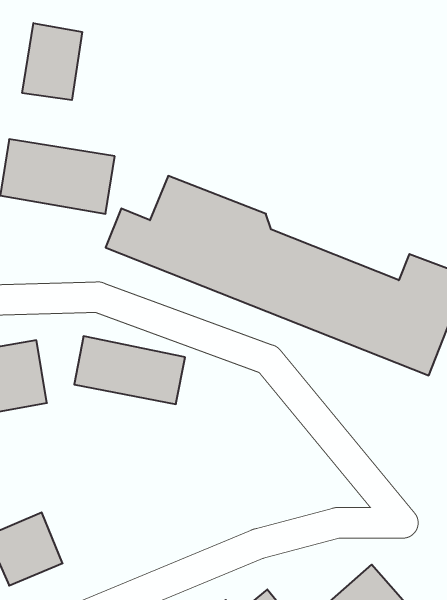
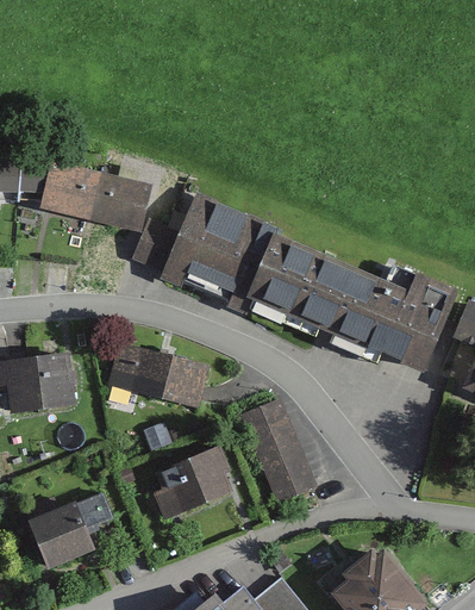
building: [22,23,82,100] -> none
building: none -> [244,398,314,502]
building: none -> [149,448,240,527]

